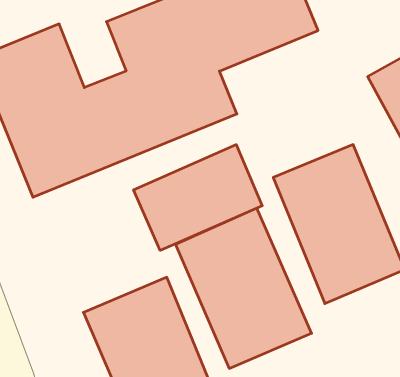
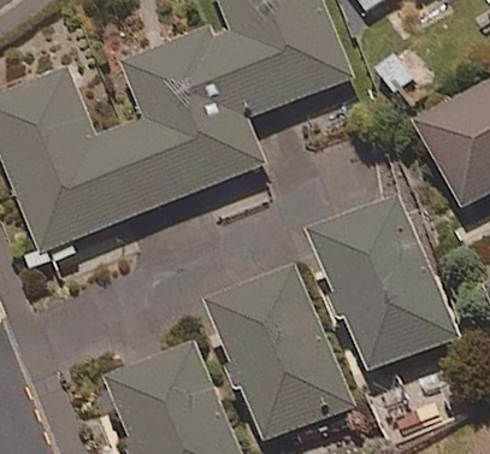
building: [134,145,262,250] -> none

